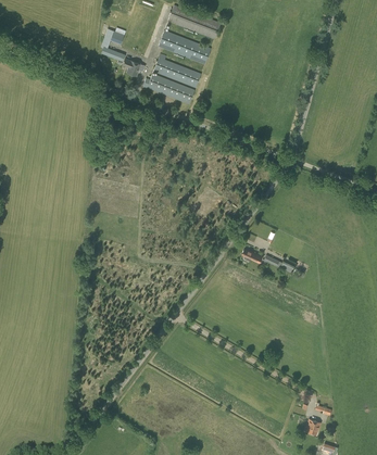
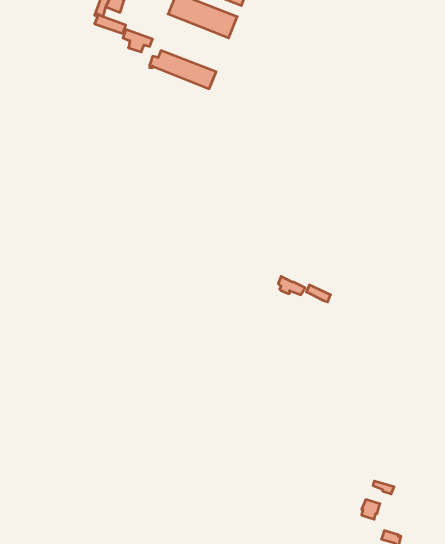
building: [153,53,201,88] -> none

